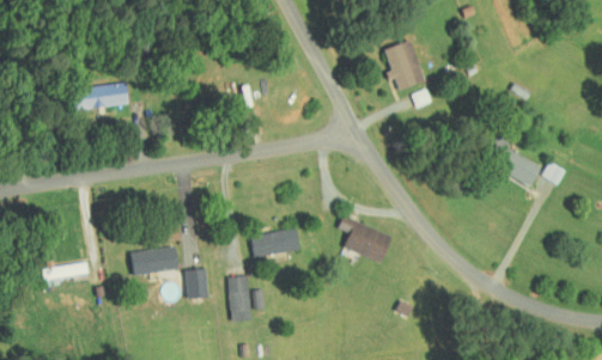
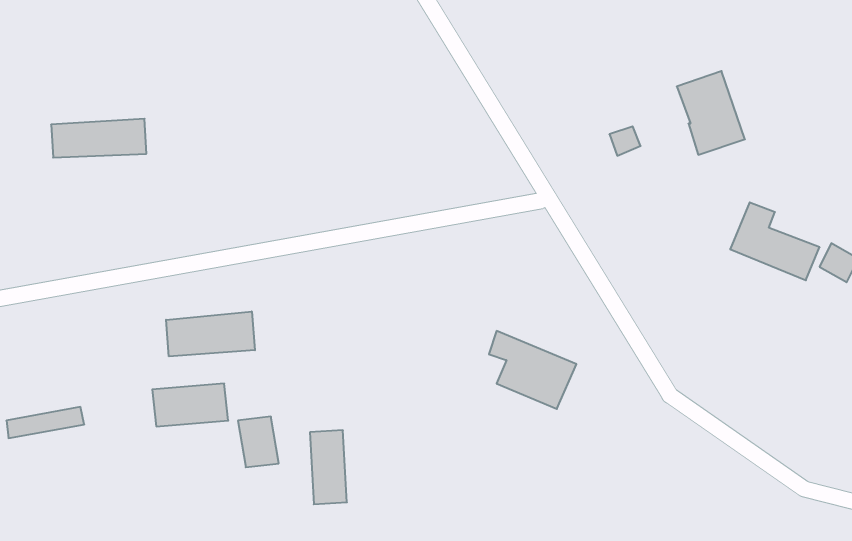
building: [383,39,425,91] -> [677,71,745,155]
building: none -> [166,311,255,356]
building: [250,228,299,258] -> none

